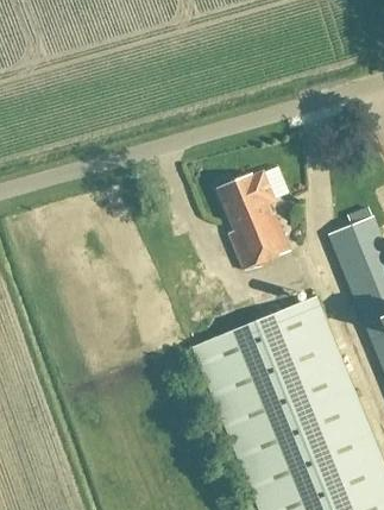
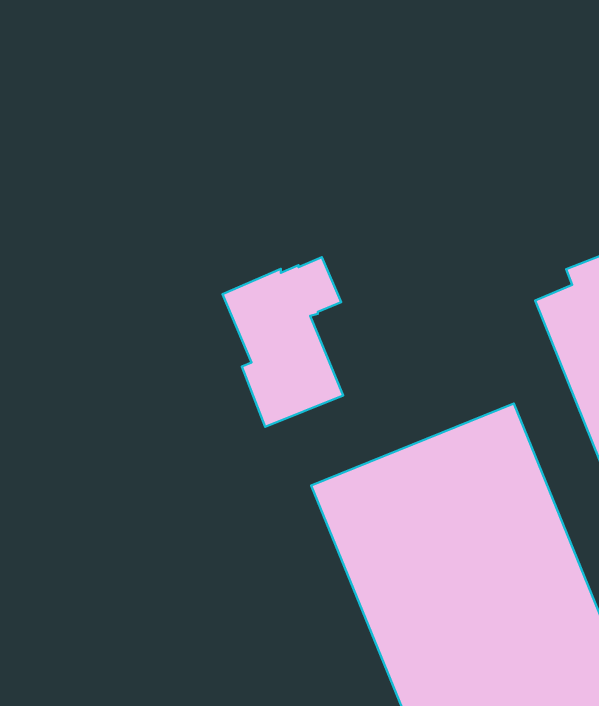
building: [215,168,289,271] -> [222,257,343,427]

